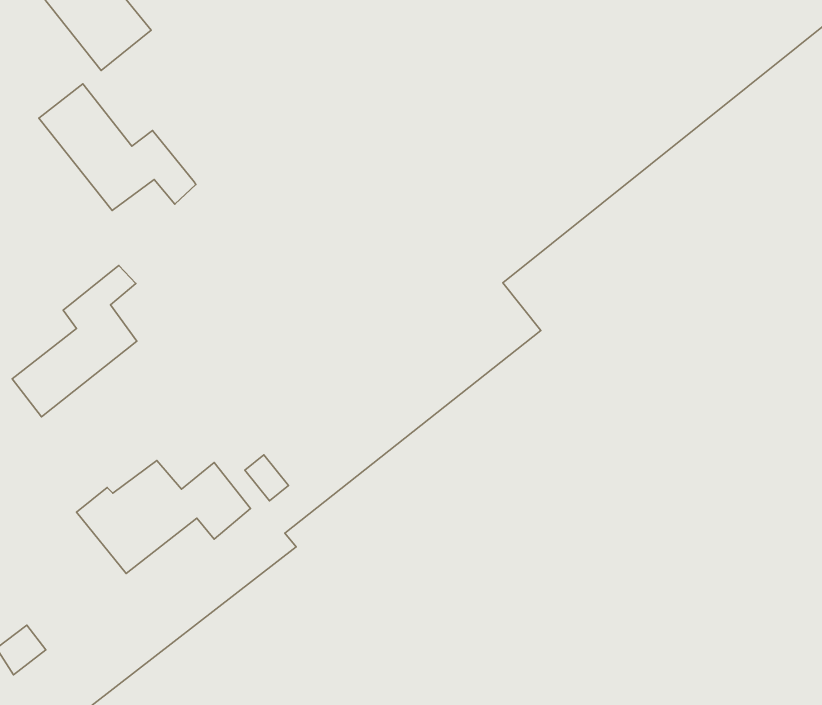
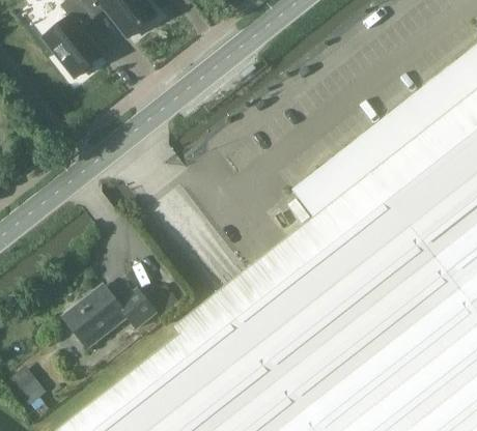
building: [39,84,196,211] -> none
building: [12,266,137,417] -> none

